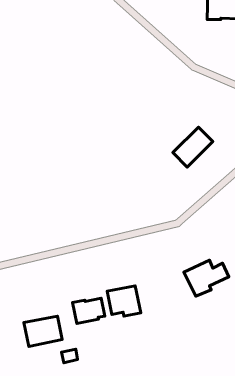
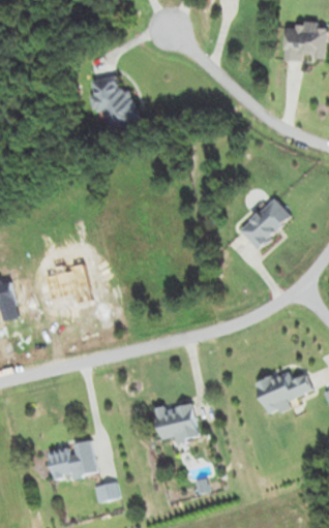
building: none -> [90,74,139,131]
building: [73,298,105,324] -> none

